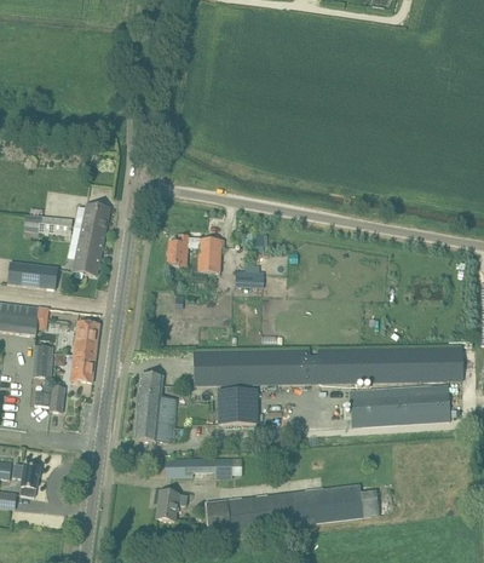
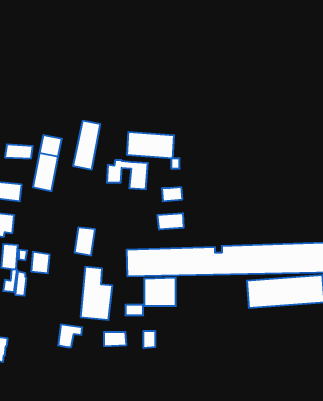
building: none -> [73,121,100,170]
building: none -> [127,132,174,158]
building: none -> [157,213,184,230]
building: [73,321,99,357] -> [75,227,95,255]
building: [204,483,379,534] -> none
building: [156,490,188,519] -> [58,325,82,347]

